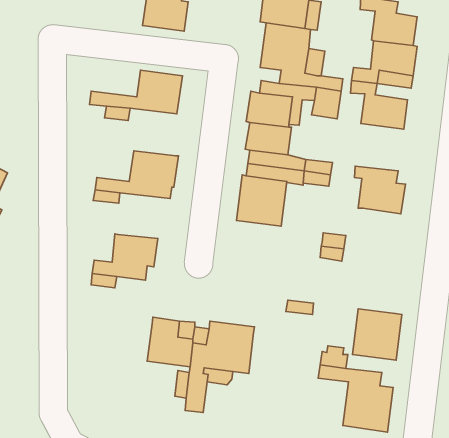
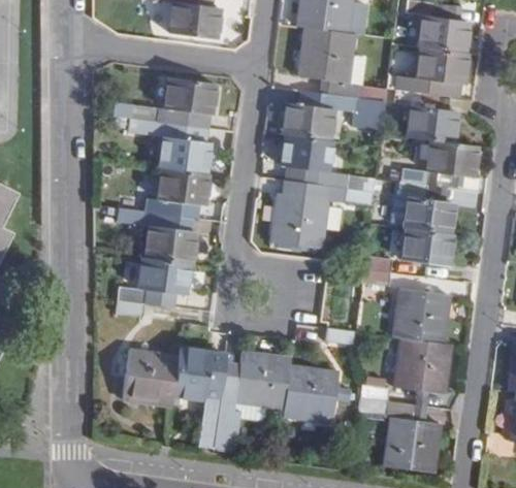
building: none -> [159,135,208,172]
building: none -> [399,140,475,188]
building: none -> [141,225,191,263]
building: none -> [404,229,452,264]
building: none -> [395,289,448,344]
building: none -> [122,348,179,404]
building: none -> [282,364,338,421]

